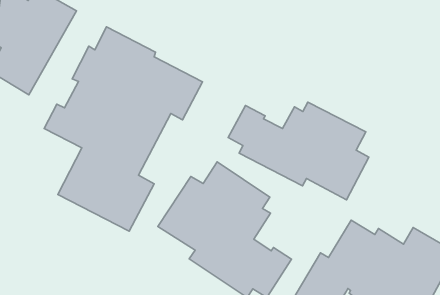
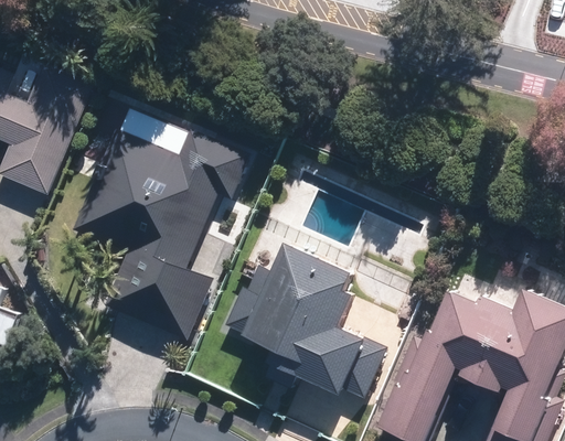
building: [228,102,369,200] -> none

